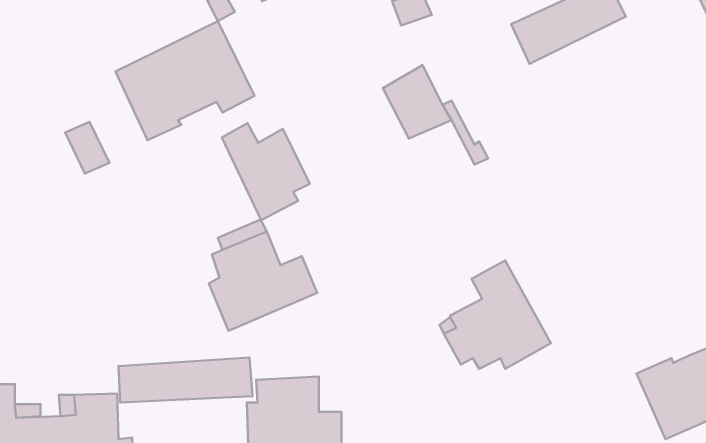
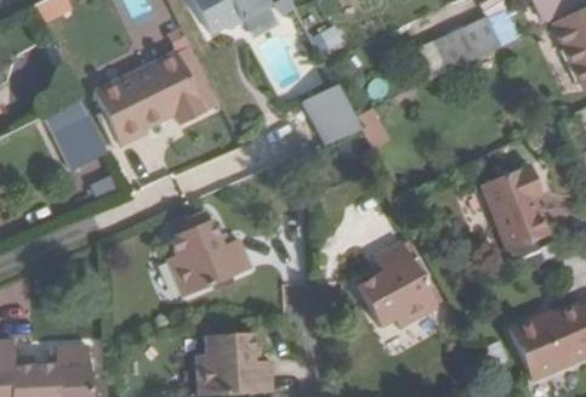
building: none -> [50,112,107,163]
building: [222,123,310,220] -> none
building: none -> [478,166,550,253]
building: [119,357,253,403] -> none

